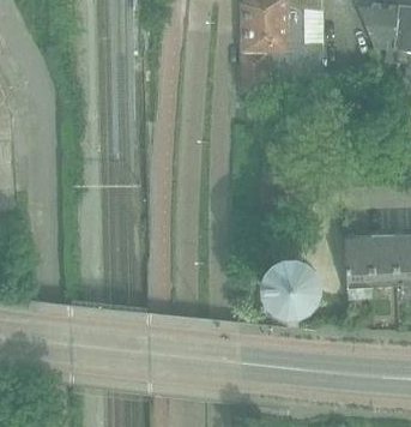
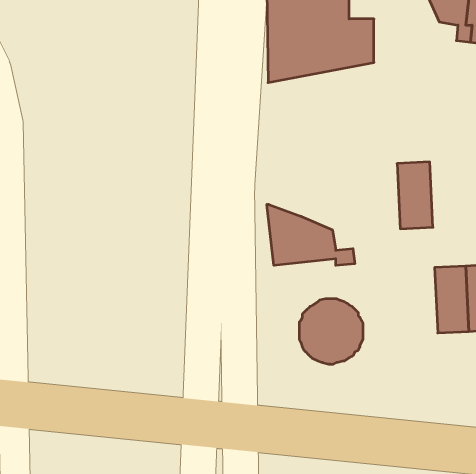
building: none -> [267,204,355,265]
building: [344,235,371,287] -> [397,162,433,229]

